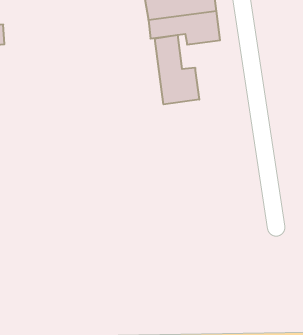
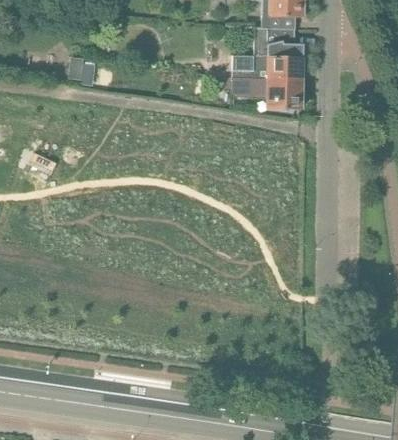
building: [155,35,199,104] -> none

